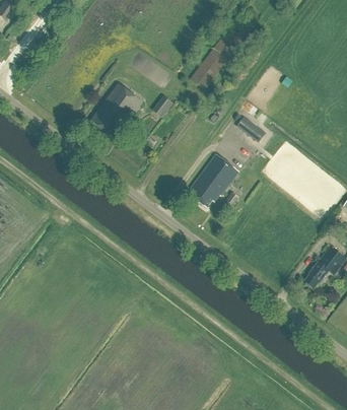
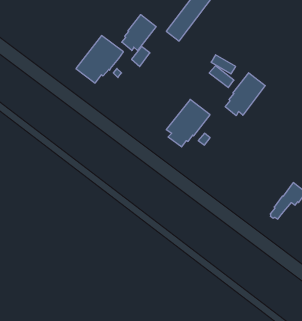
building: none -> [122,15,156,51]
building: none -> [225,73,265,116]

